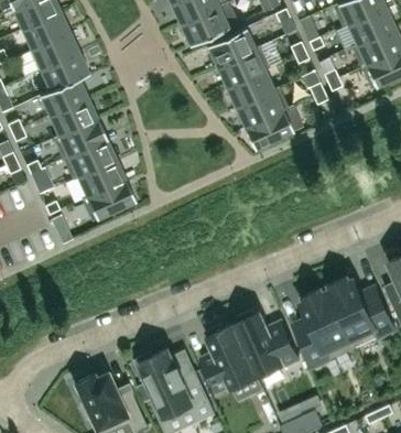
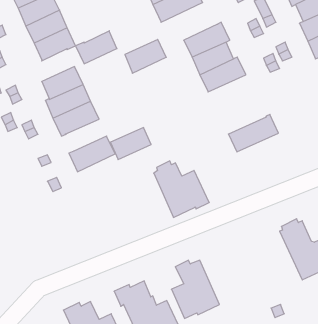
building: [207,28,256,67] -> [125,39,166,73]
building: [40,77,88,116] -> [76,31,117,64]
building: [245,105,303,149] -> [228,114,278,152]
building: [77,160,126,197] -> [110,128,151,160]
building: [300,289,355,368] -> none
building: [235,311,300,377] -> [154,161,209,217]

